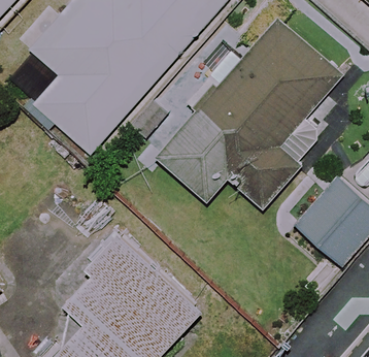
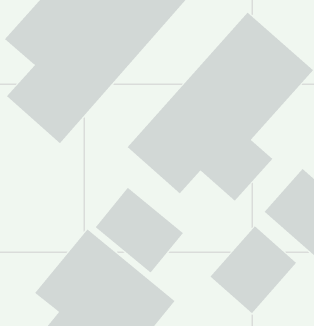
building: none -> [95,187,184,273]
building: none -> [210,226,297,314]

